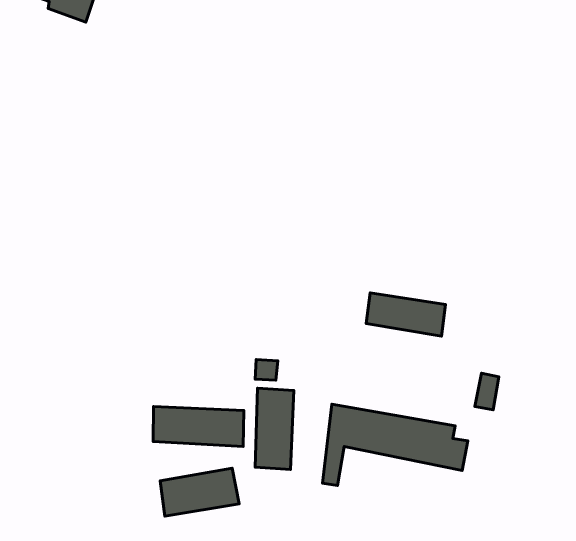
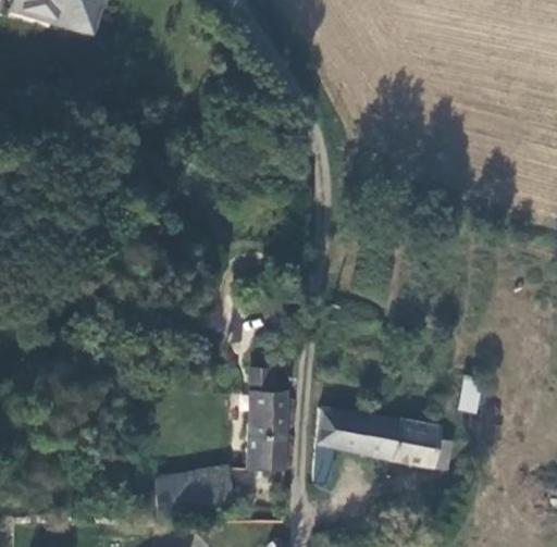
building: [366,293,446,336] -> none
building: [153,407,244,446] -> none

